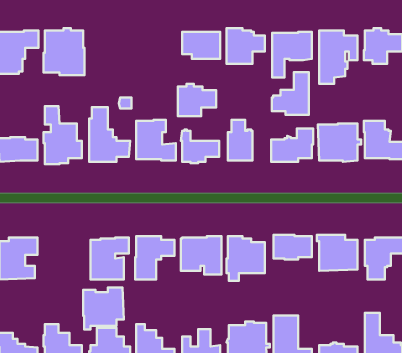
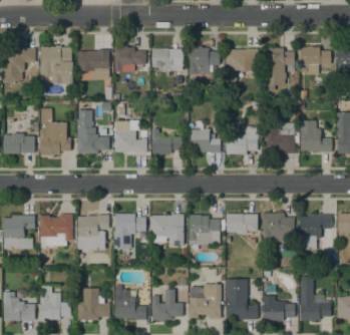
building: none -> [78,49,110,77]
building: [272,72,309,115] -> none
building: [178,84,216,116] -> [115,45,146,71]
building: [83,287,124,329] -> [40,214,73,248]

